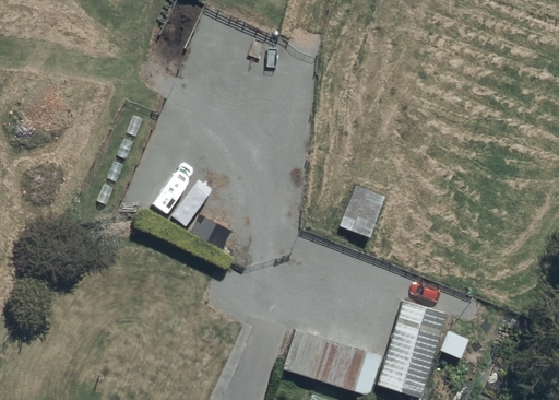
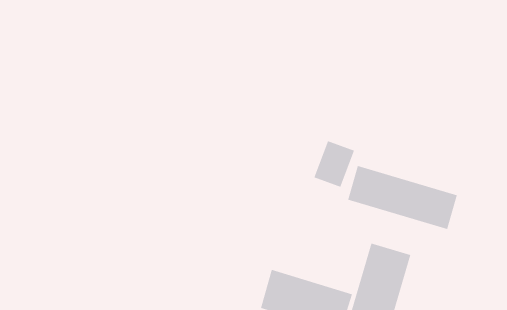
building: none -> [347,165,458,230]

